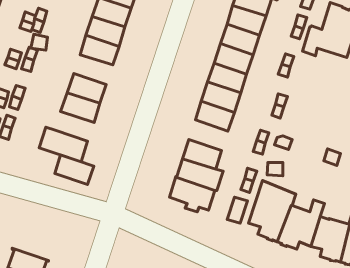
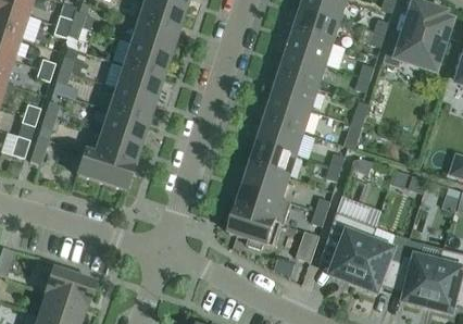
building: none -> [116,65,162,100]
building: none -> [251,141,297,177]
building: [55,155,94,185] -> [95,132,140,166]
building: none -> [45,269,95,306]

